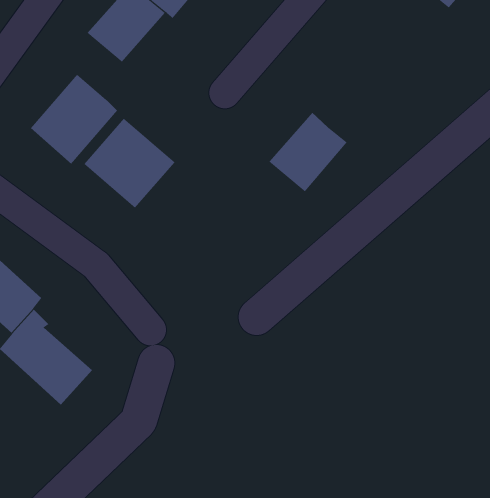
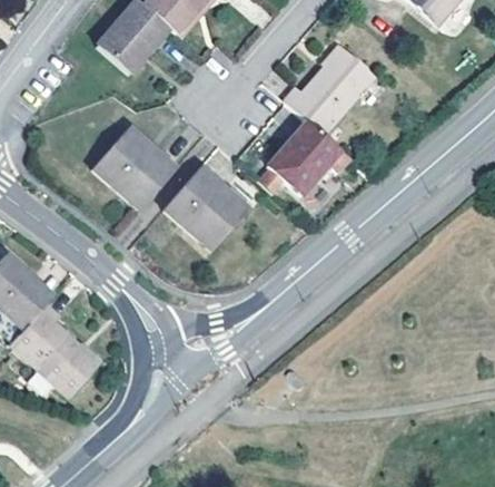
building: none -> [284,45,375,134]
building: [30,74,118,165] -> none
building: none -> [164,166,249,251]

